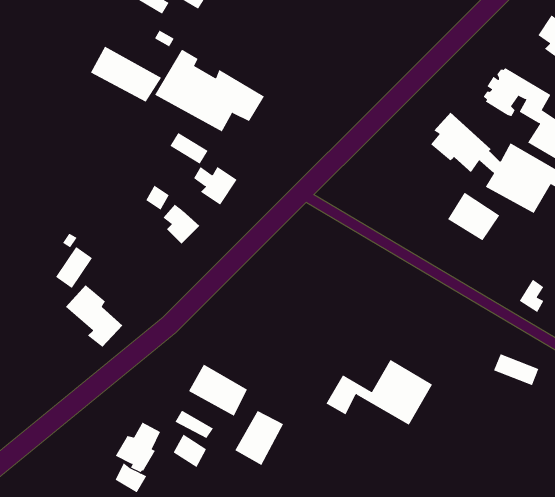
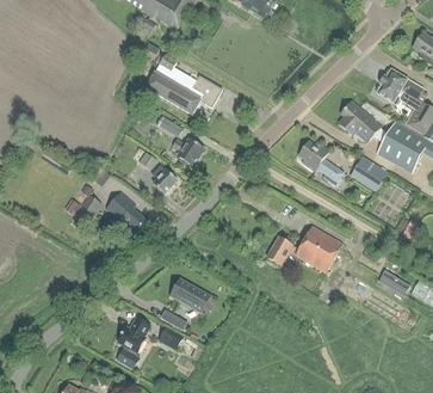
building: [90,46,162,103] -> none
building: none -> [298,140,344,185]
building: [65,285,123,348] -> [106,191,147,235]
building: [326,359,433,425] -> [266,225,341,271]
building: [234,410,284,466] -> none

